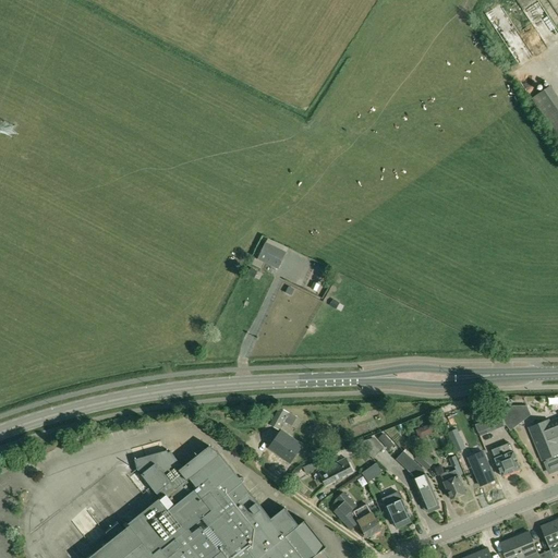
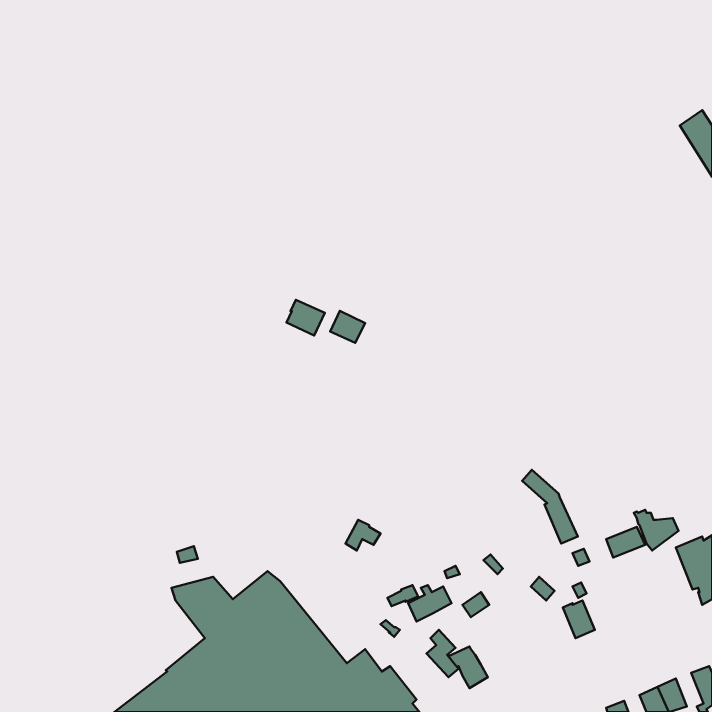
building: none -> [287,300,325,335]
building: [269,432,302,463] -> none
building: [493,444,521,476] -> none
building: [396,451,439,509] -> [522,470,578,544]
building: [466,460,495,486] -> none
building: [383,492,410,527] -> none

